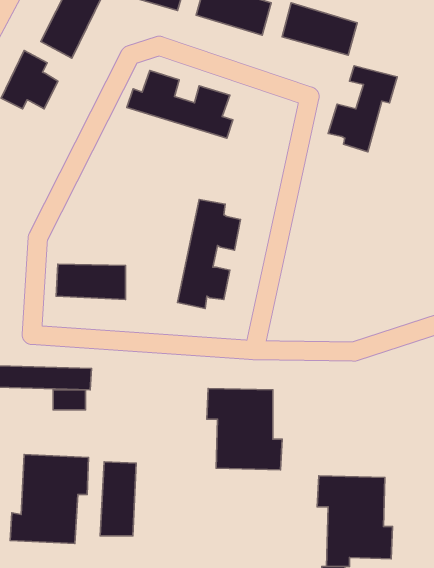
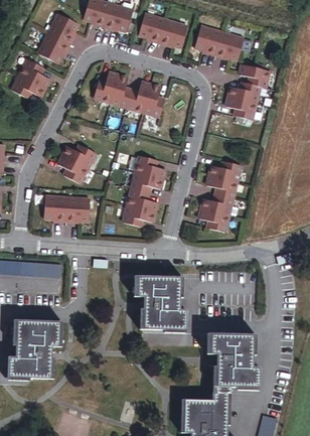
building: none -> [56,144,93,182]
building: none -> [196,161,241,233]
building: [100,462,136,536] -> none

